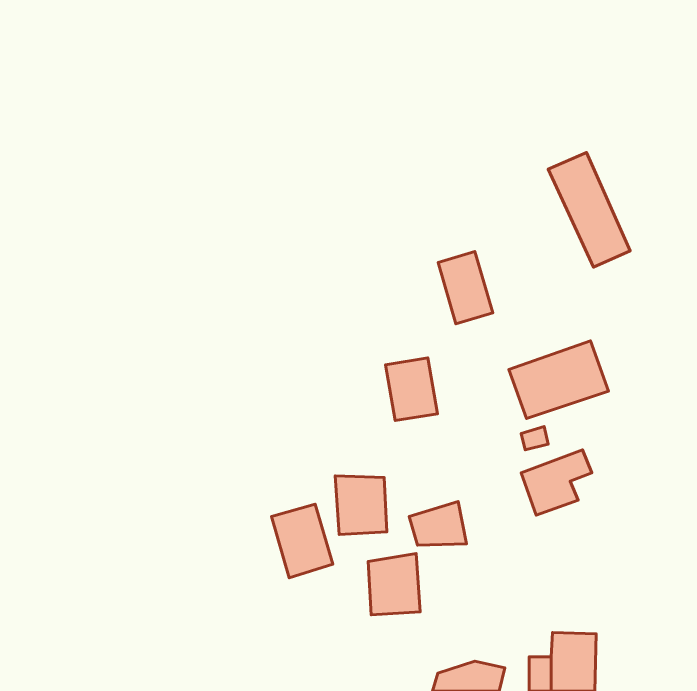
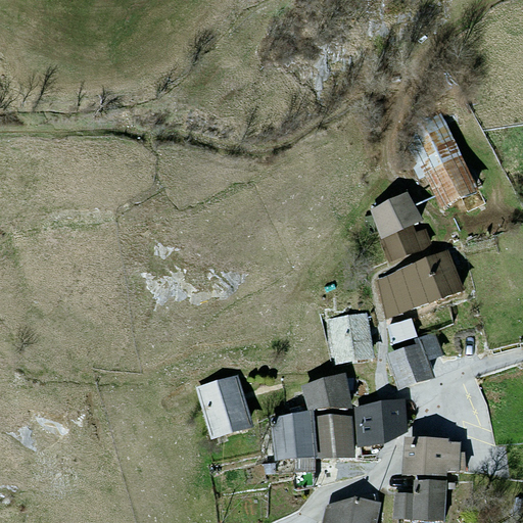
building: [438,252,493,324] -> [376,199,417,253]
building: [386,358,437,421] -> [333,314,372,361]
building: [335,476,387,535] -> [312,415,350,459]
building: none -> [355,401,406,443]
building: none -> [407,439,461,475]

